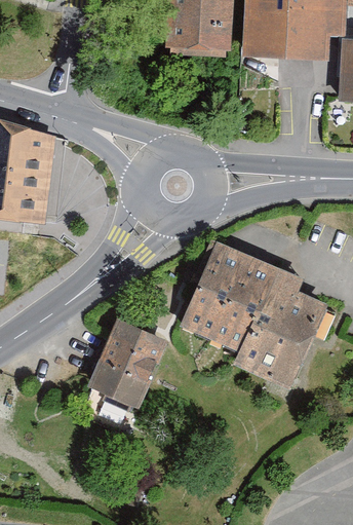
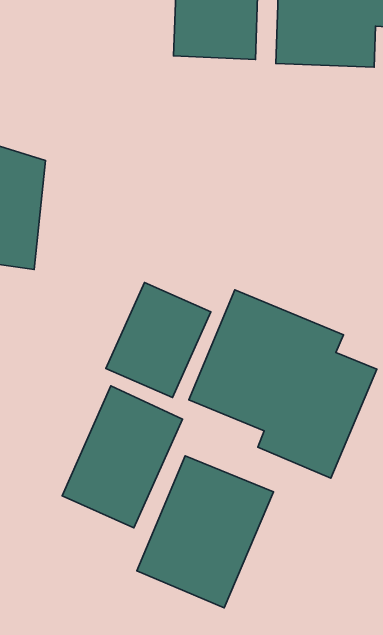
building: none -> [106,282,211,397]
building: none -> [137,456,274,608]

